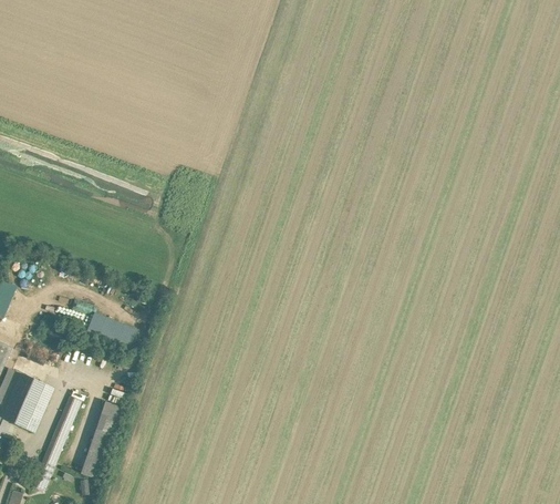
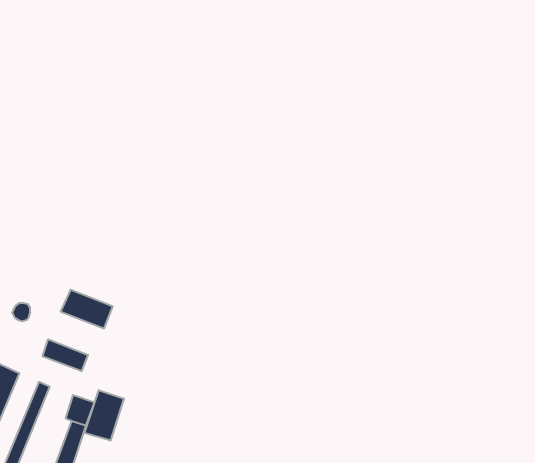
building: none -> [43,339,88,371]
building: none -> [84,390,124,441]

